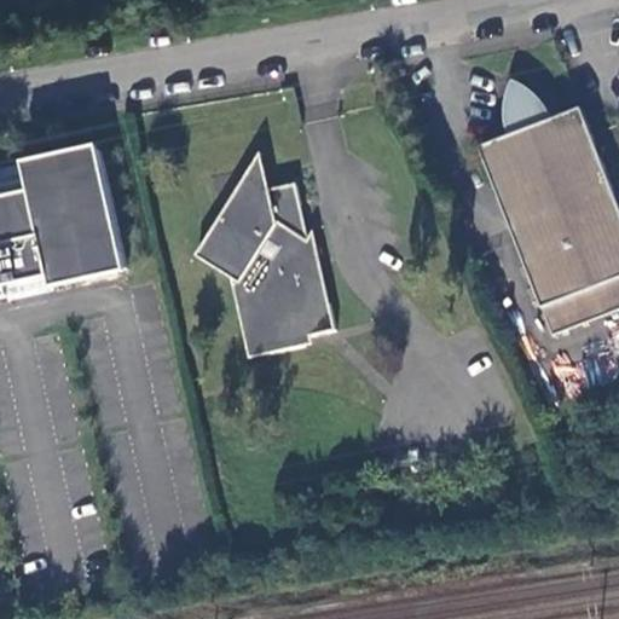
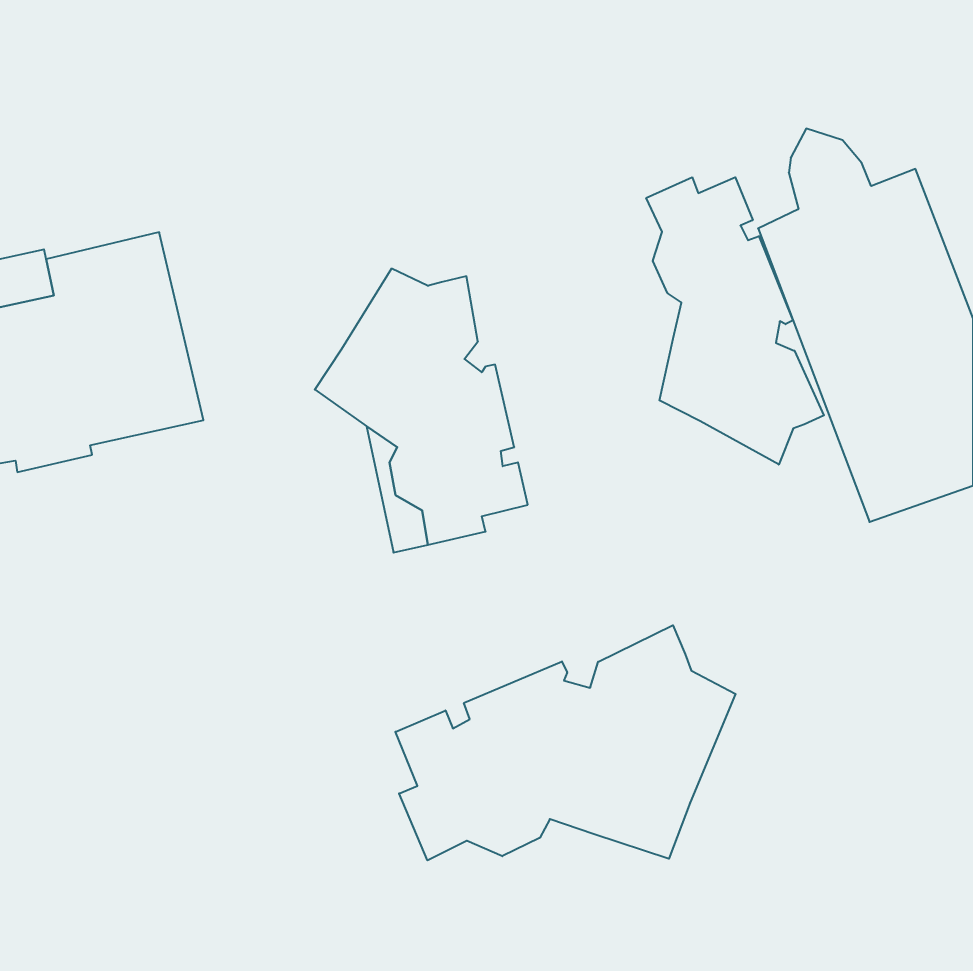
building: none -> [646,177,824,465]
building: none -> [395,625,736,860]

